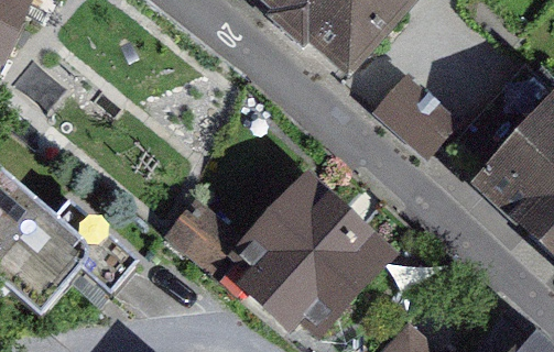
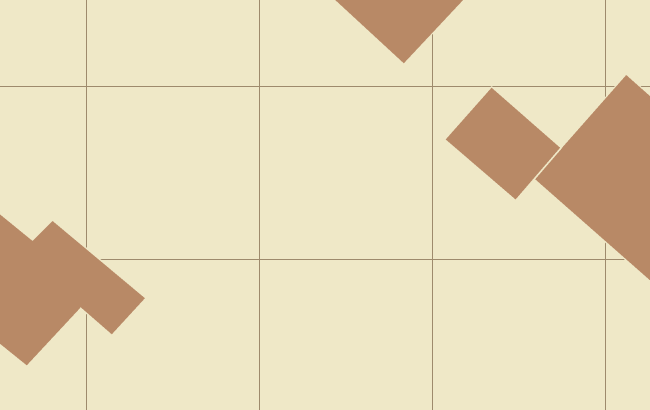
building: [237,186,378,326] -> none

